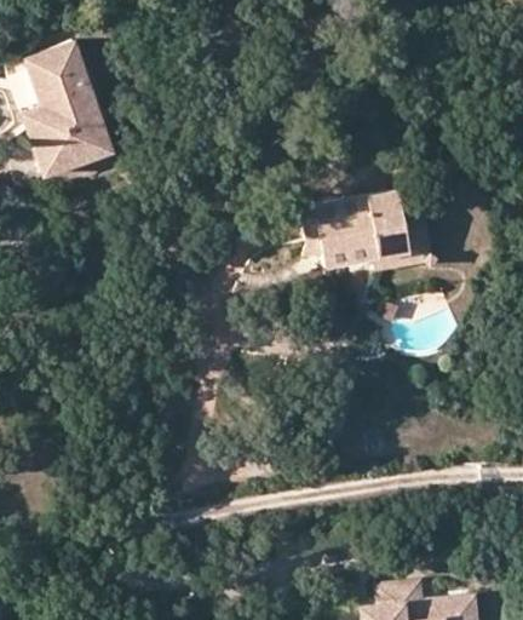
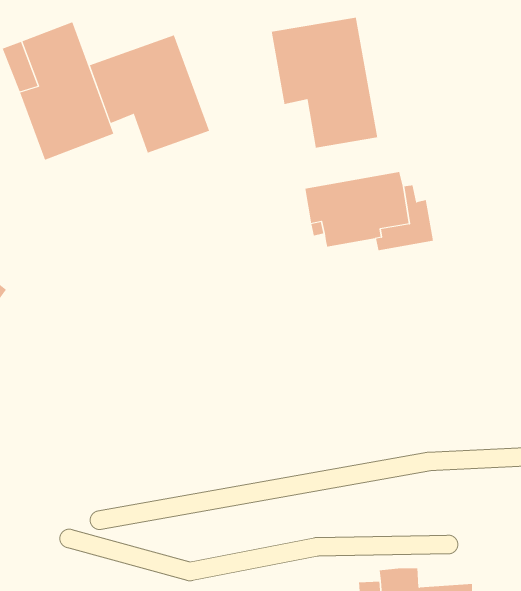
building: none -> [271,17,378,149]
building: none -> [89,35,210,154]

